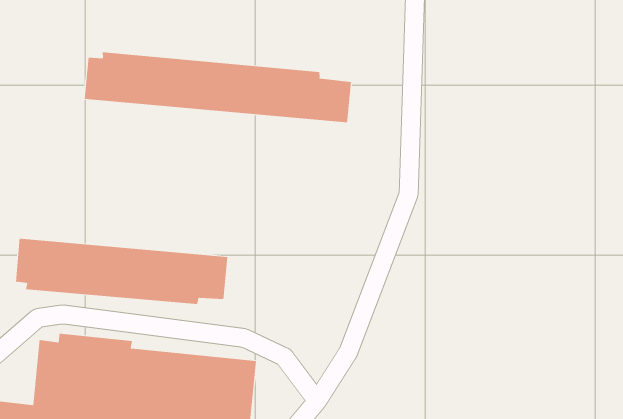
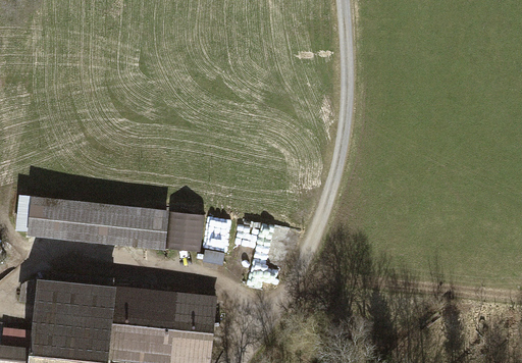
building: [84,52,351,123] -> none

